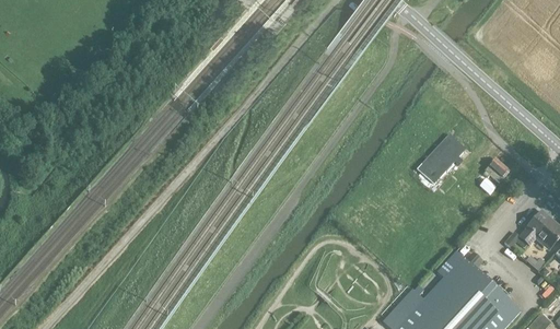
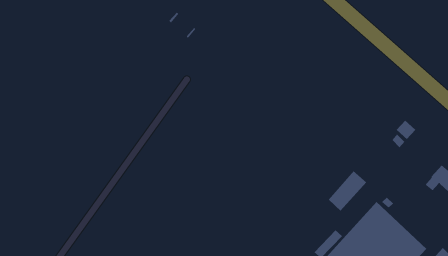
building: [418,132,465,181] -> [328,170,367,211]

